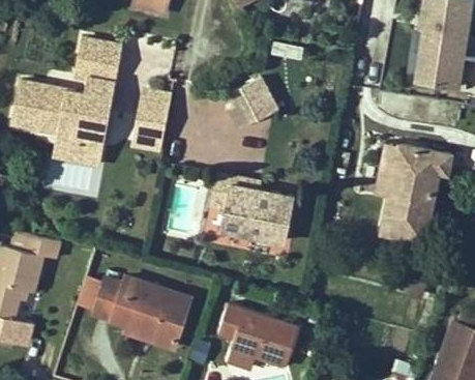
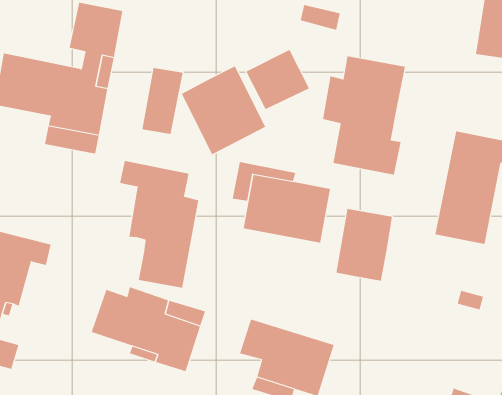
building: none -> [322,56,405,175]
building: none -> [181,66,266,155]
building: none -> [119,160,199,288]
building: none -> [336,208,392,282]

